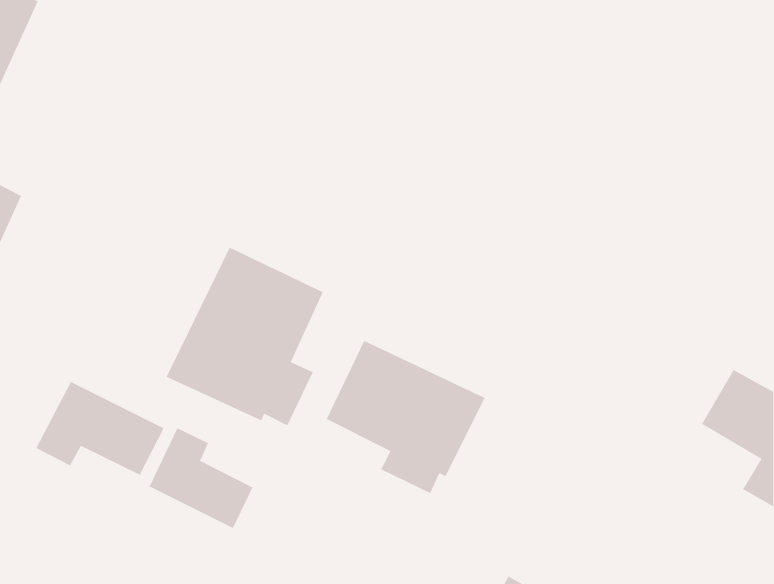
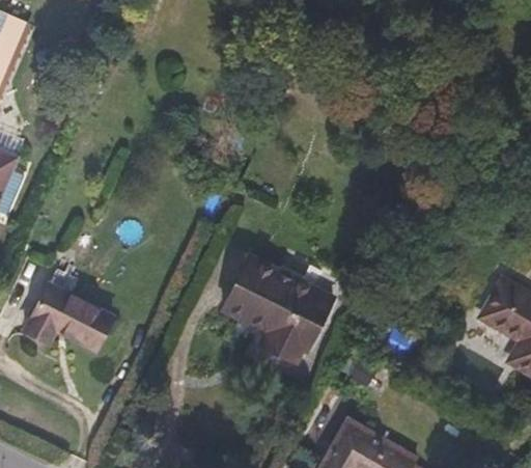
building: [166,247,324,426] -> none
building: [149,427,253,529] -> none

